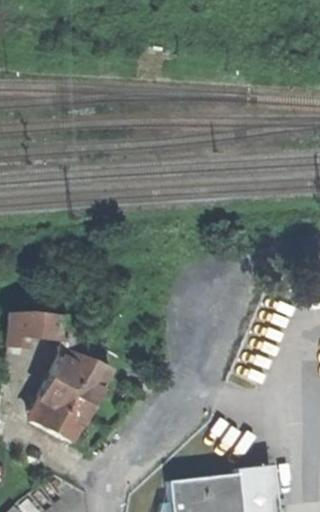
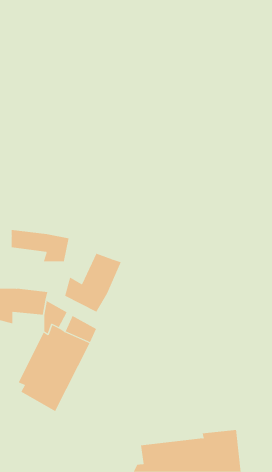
building: none -> [11,229,69,262]
building: none -> [64,253,122,312]

